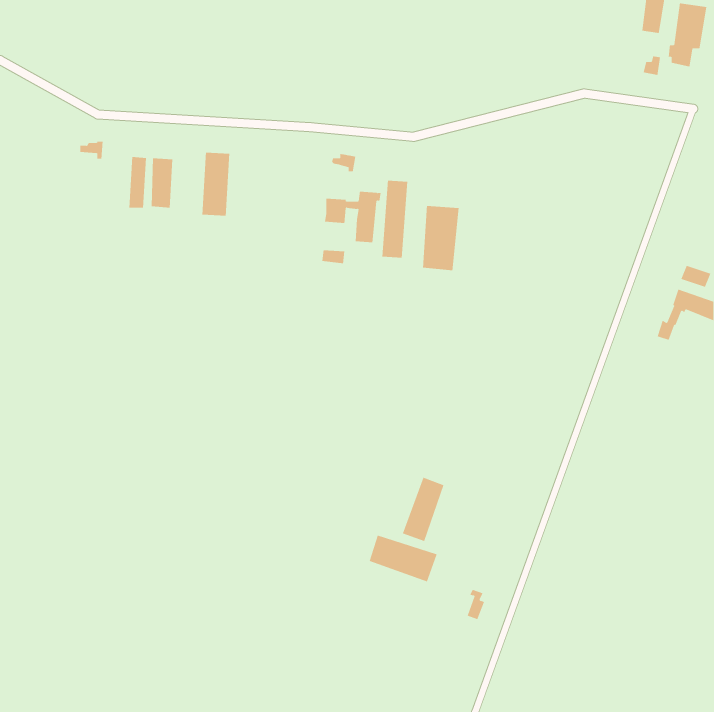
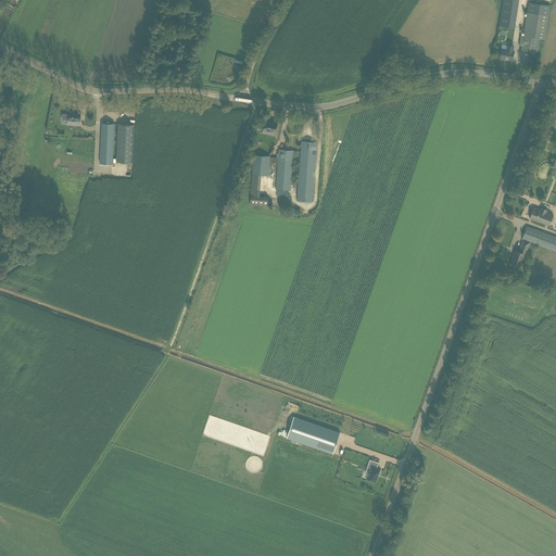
building: [202,152,230,216] -> none
building: [422,205,459,271] -> none
building: [402,477,444,542] -> none

